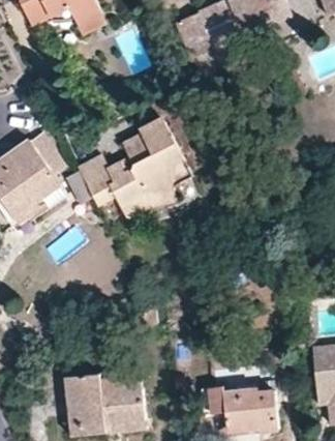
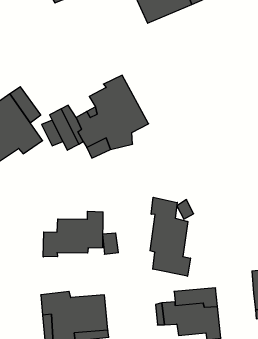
building: none -> [150,197,190,276]
building: none -> [43,211,103,257]

